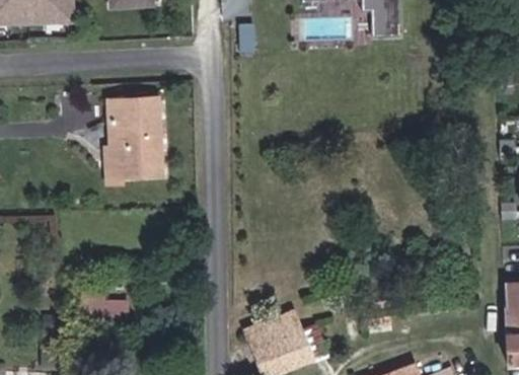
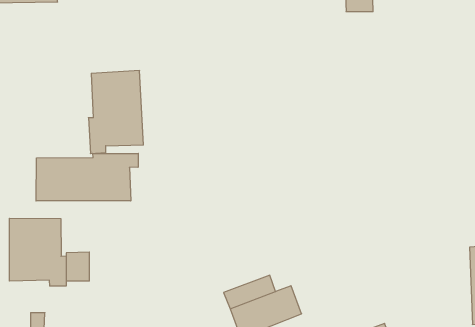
building: none -> [36,153,138,201]
building: none -> [9,218,66,286]

